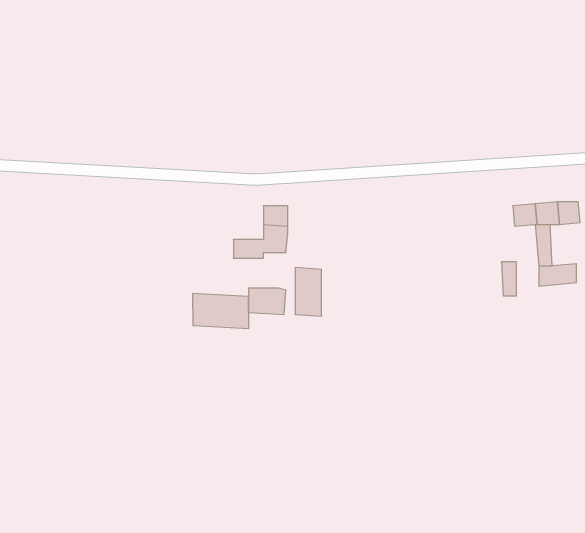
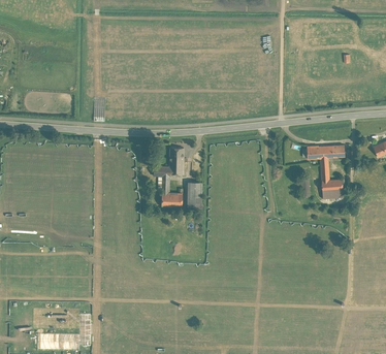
building: [193,293,249,329] -> none

